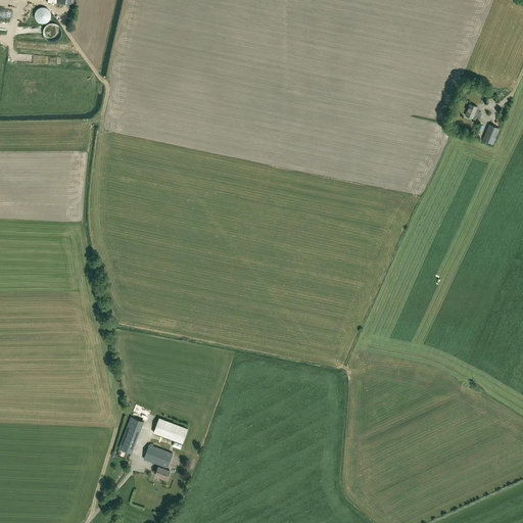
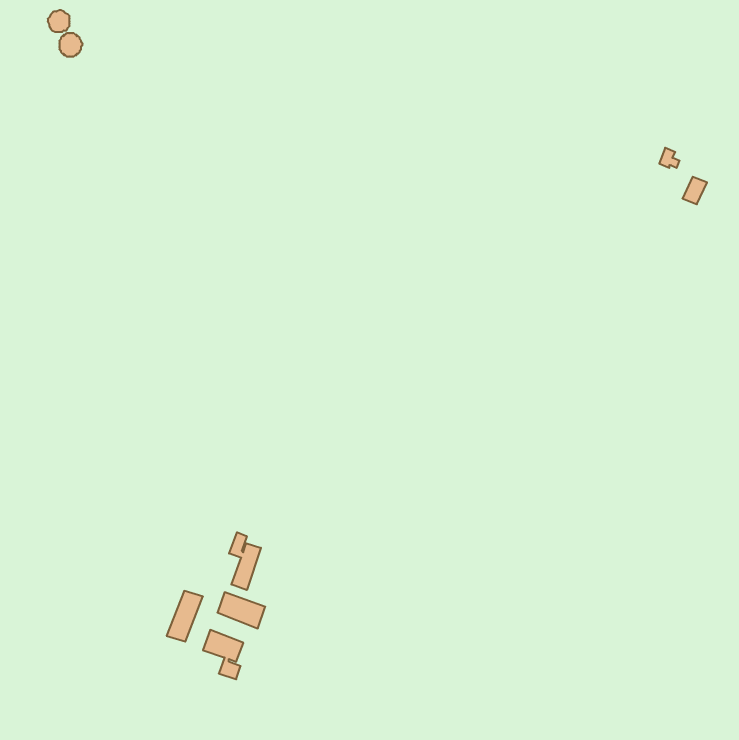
building: none -> [229,532,261,590]

